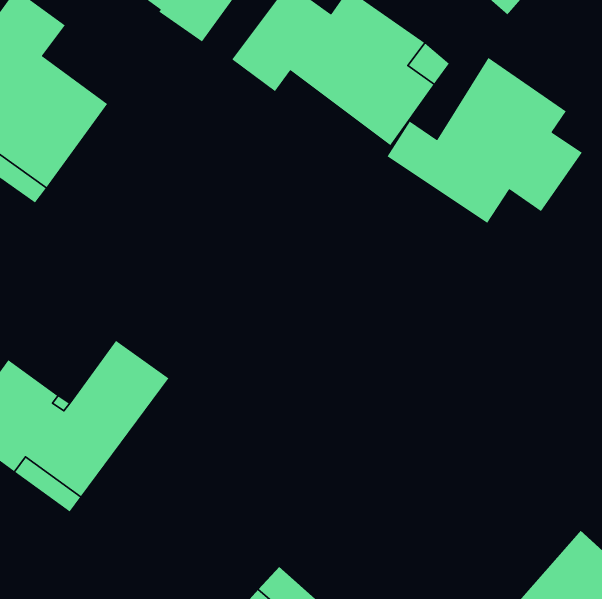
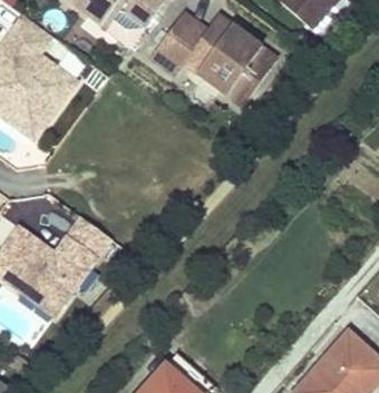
building: [387,57,583,224] -> none

